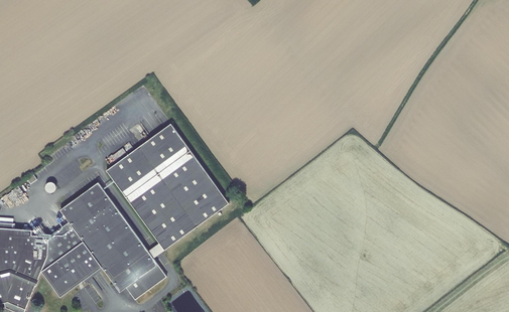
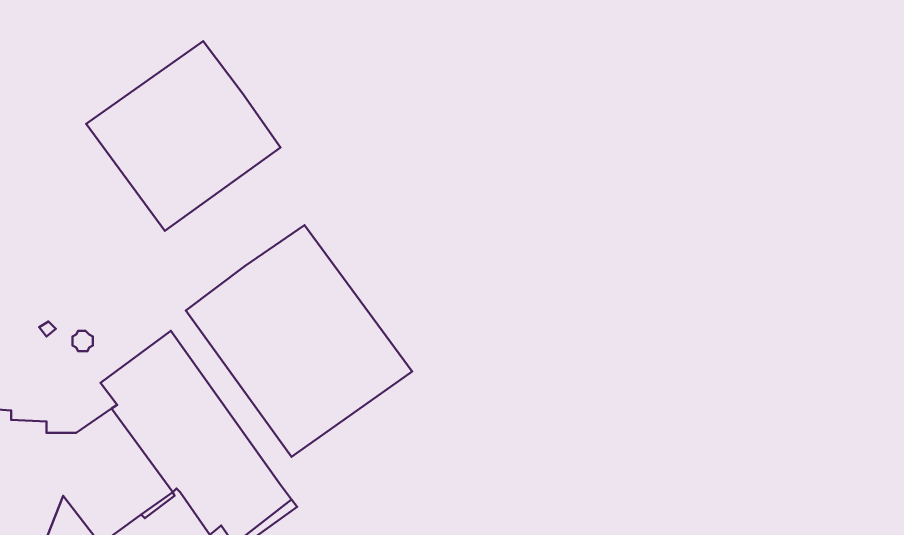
building: none -> [86,41,280,231]

